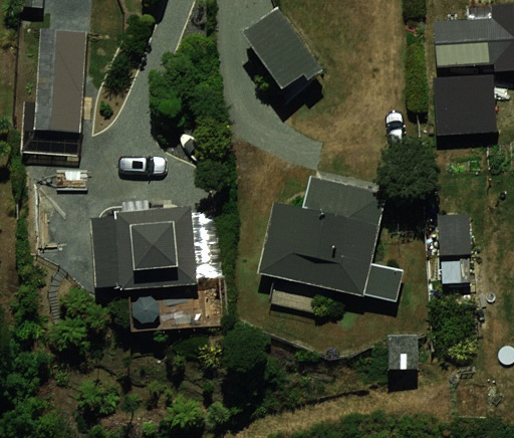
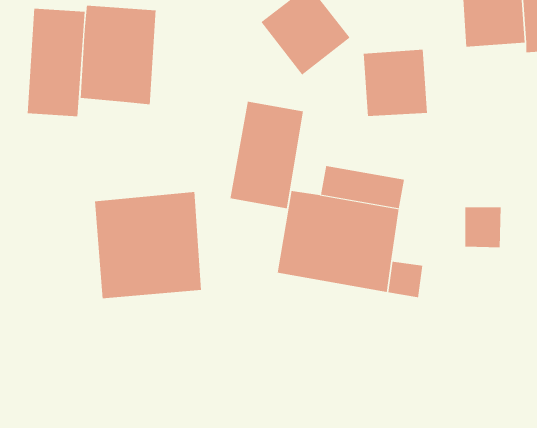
building: none -> [80,5,156,105]
building: [433,74,493,137] -> [363,49,428,116]
building: none -> [230,101,304,209]

